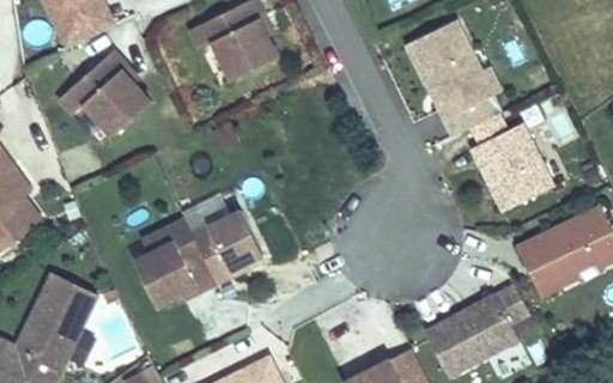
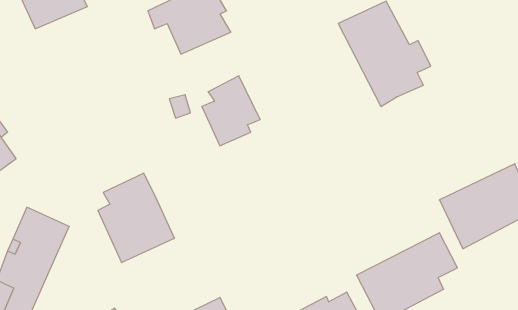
building: [56,49,152,141] -> none
building: [465,114,558,218] -> none
building: [196,209,262,288] -> [202,76,260,146]

